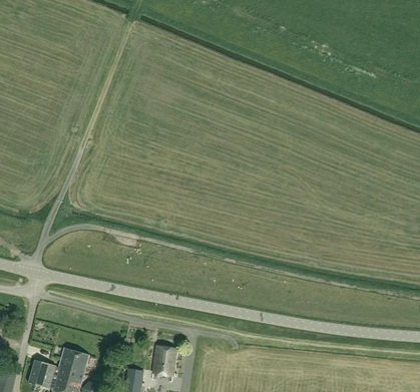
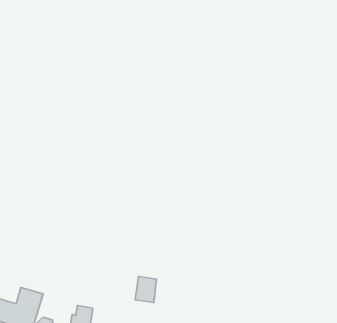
building: [152,346,176,375] -> [135,276,157,303]

